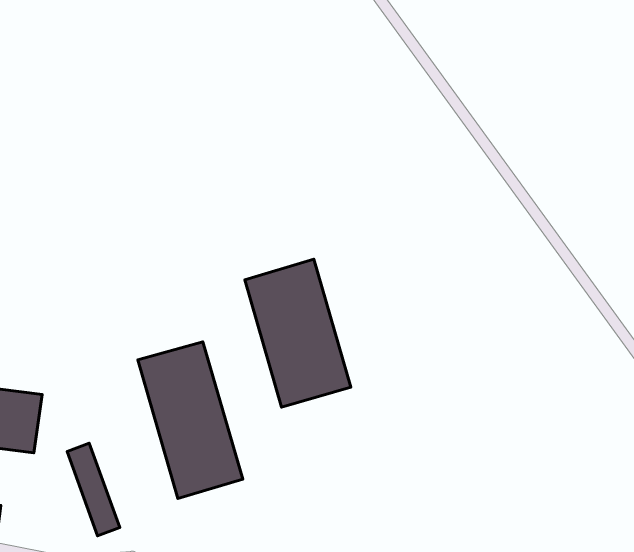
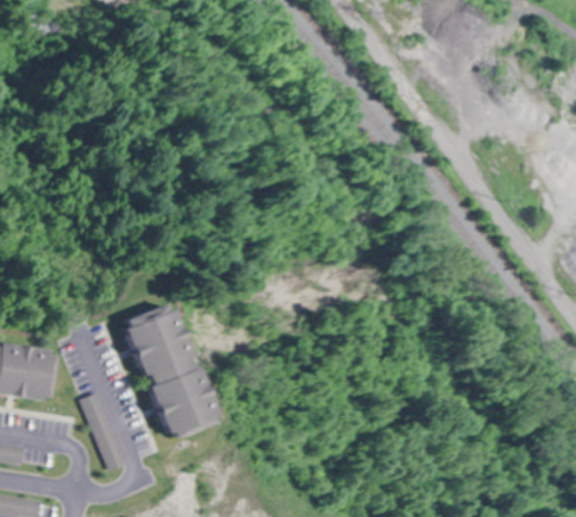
building: [245,259,351,407] -> none

